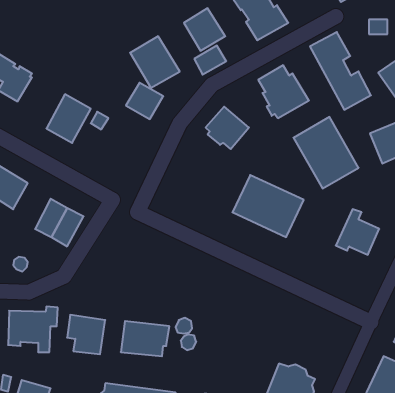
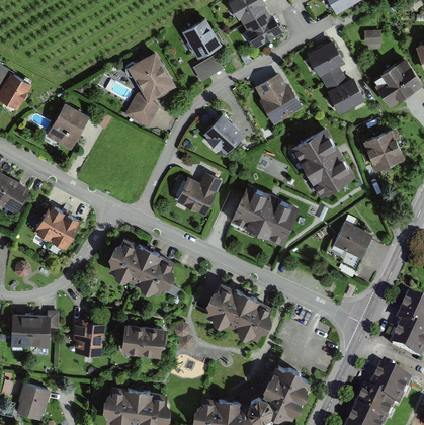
building: none -> [177,171,223,214]
building: none -> [108,239,176,297]
building: none -> [207,281,275,341]

